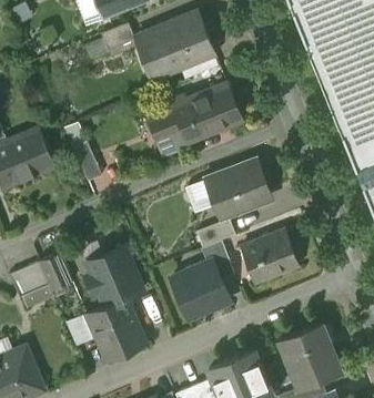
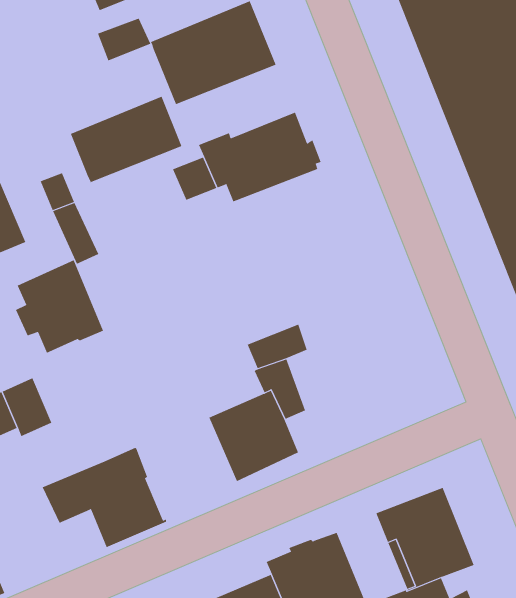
building: none -> [70,96,182,183]
building: [209,161,269,216] -> none
building: [241,229,299,283] -> none
building: [85,246,142,306] -> [15,260,104,353]

